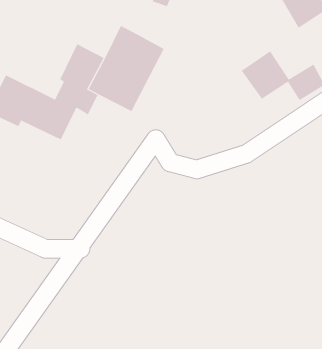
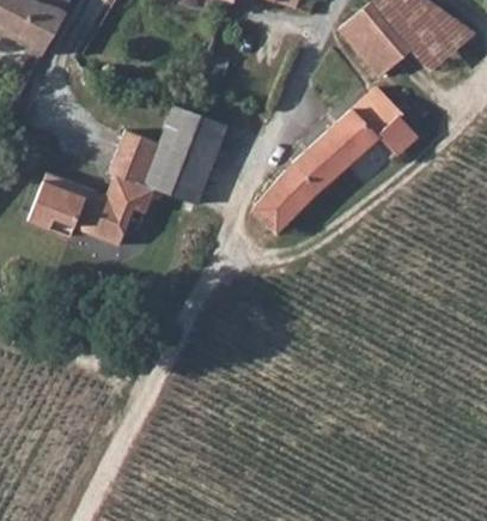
building: none -> [349,85,402,139]
building: none -> [251,138,347,236]

